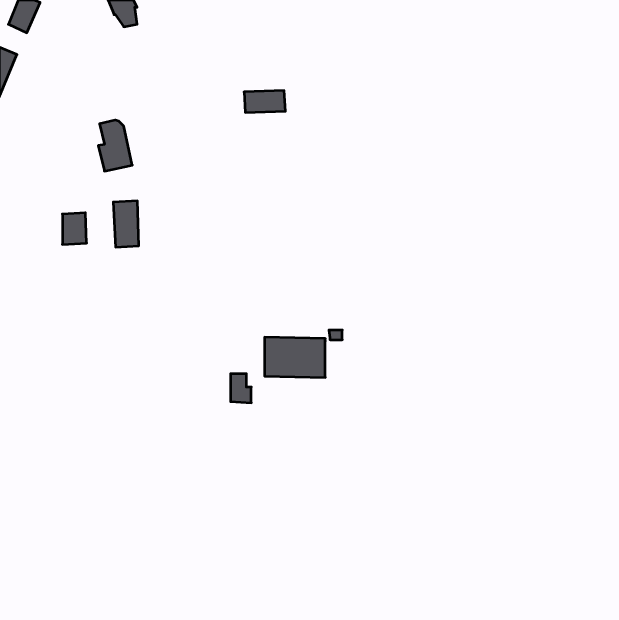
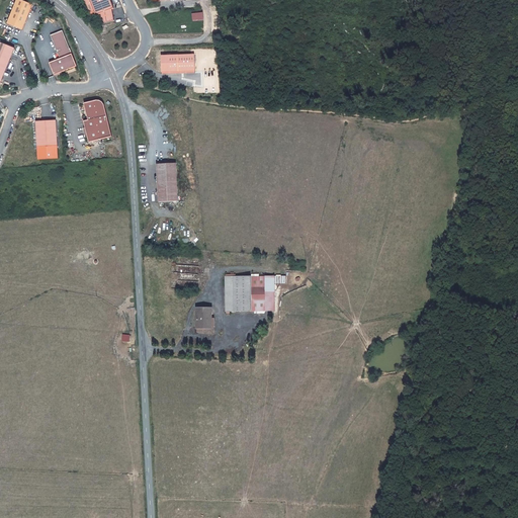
building: none -> [49,28,76,73]
building: [244,91,285,112] -> [160,53,194,71]
building: [113,201,139,247] -> [153,164,174,202]
building: [62,213,87,244] -> [35,119,56,146]

